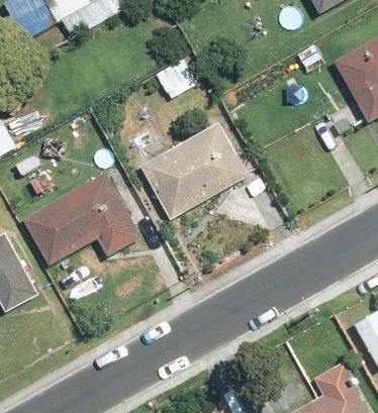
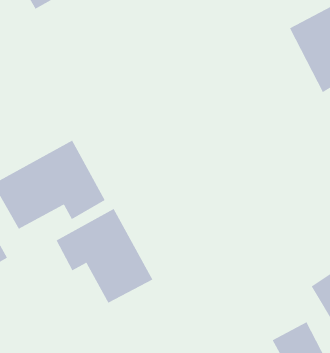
building: [139,120,251,221] -> none
building: none -> [56,208,153,303]

